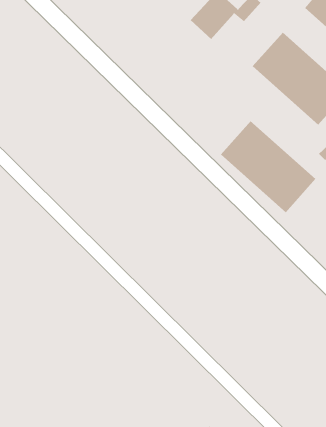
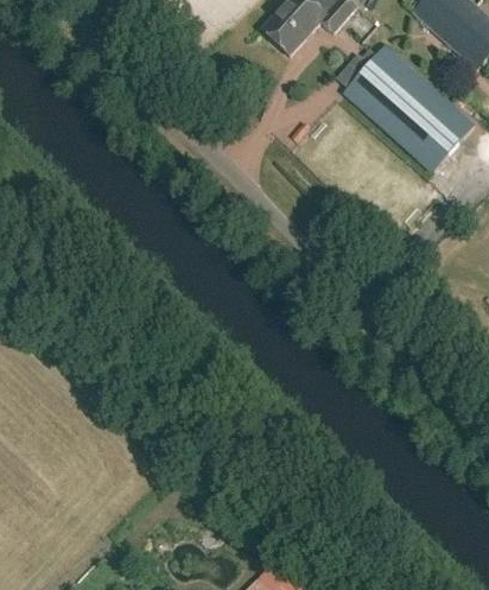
building: [220,120,316,213] -> none

